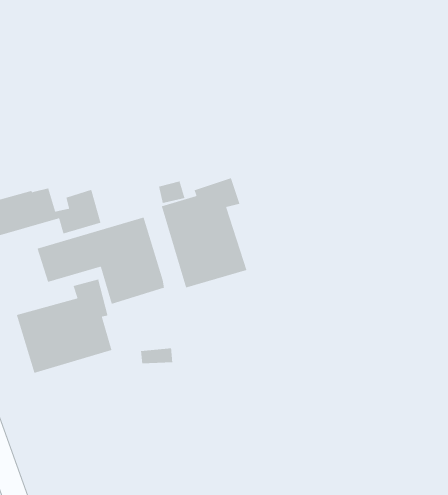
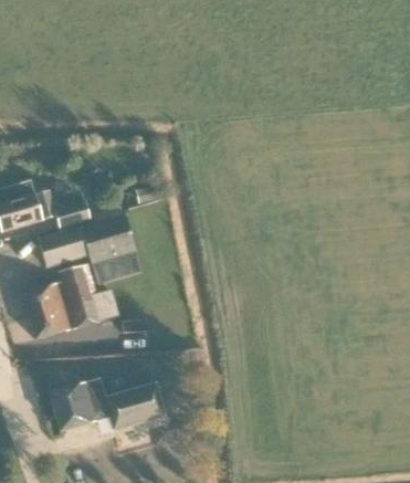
building: [161,177,247,289] -> none
building: none -> [49,377,164,429]

